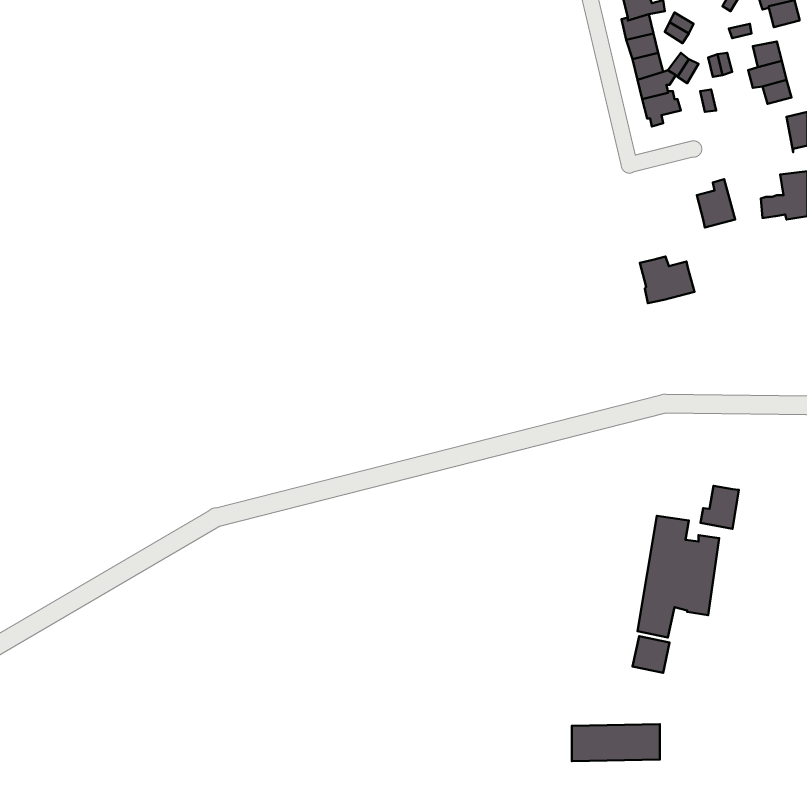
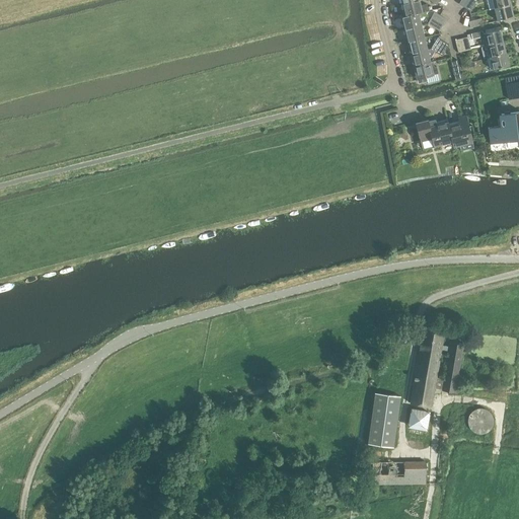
building: [640,257,694,303] -> [418,120,452,149]
building: [701,486,739,529] -> none
building: none -> [367,393,399,447]
building: none -> [471,407,493,429]

